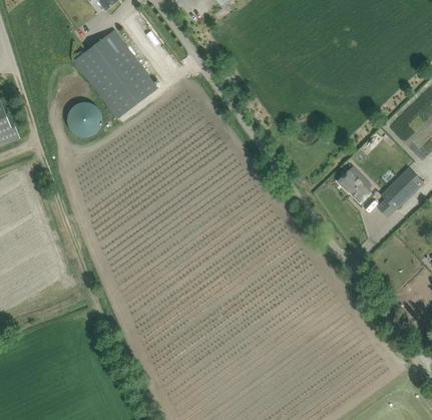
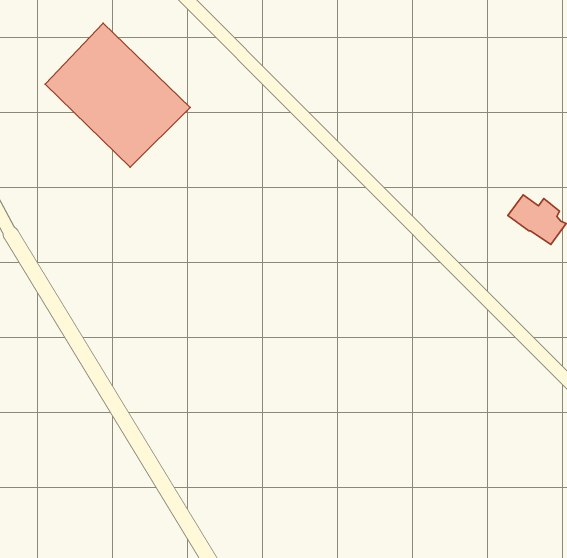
building: [66,101,102,137] -> none

